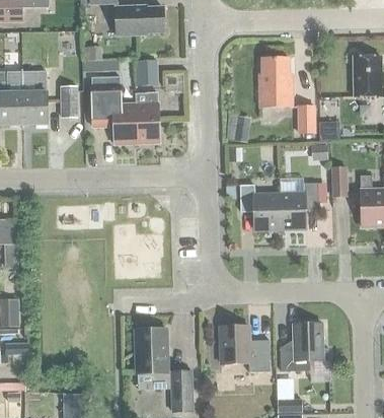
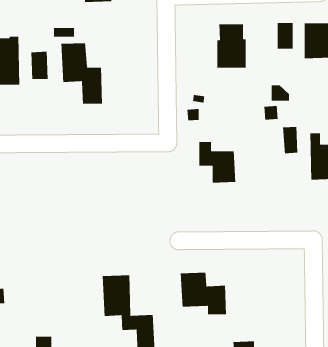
building: [134,61,157,85] -> none
building: [135,92,160,144] -> none
building: [297,106,315,135] -> [277,22,294,49]
building: [279,183,319,228] -> none
building: [281,323,323,370] -> none

